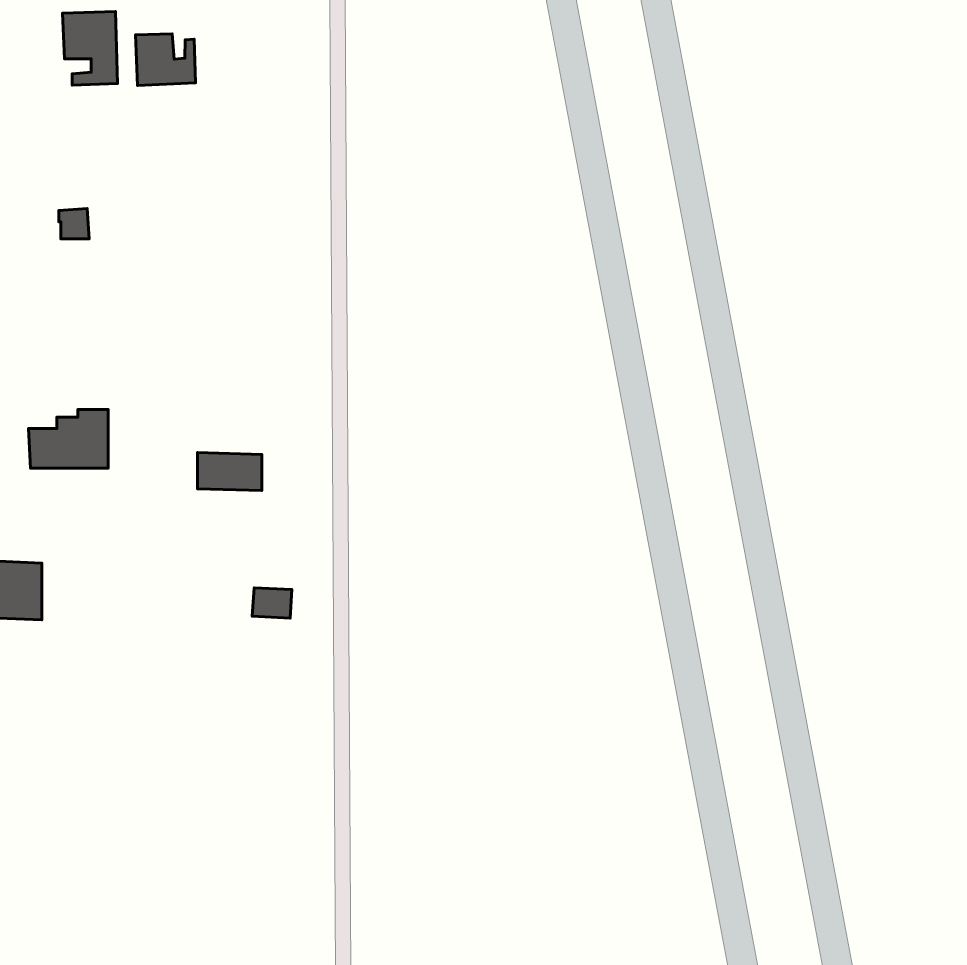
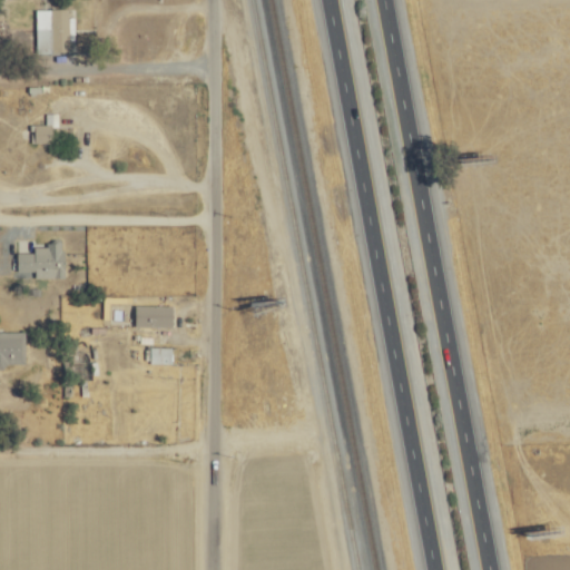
building: [136,34,196,86] -> none
building: [197,453,262,491] -> [135,305,173,327]

